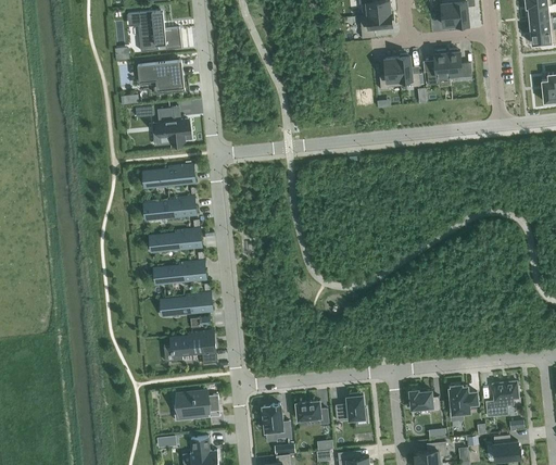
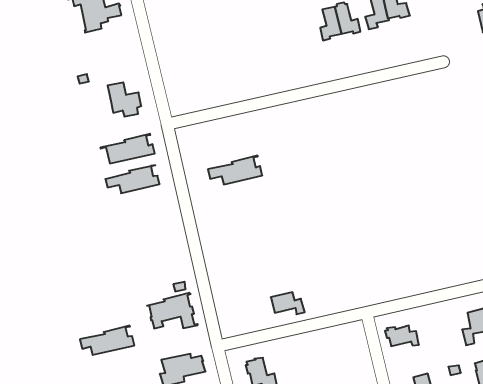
building: [137,60,184,95] -> none
building: [148,227,202,252] -> [208,156,262,184]
building: [152,260,206,284] -> none
building: [159,291,213,316] -> [80,326,134,355]
building: [448,386,477,414] -> none
building: [334,393,366,420] -> none
building: [295,401,328,424] -> [271,292,305,314]

